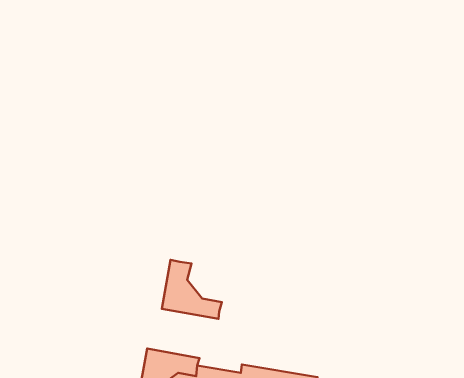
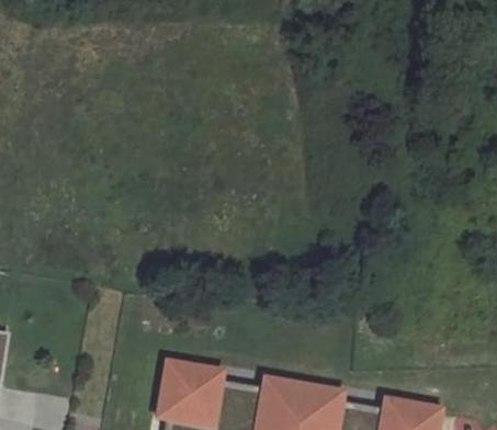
building: [162,260,222,319] -> none

